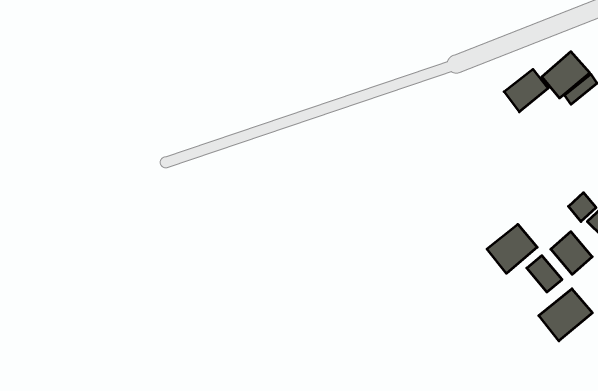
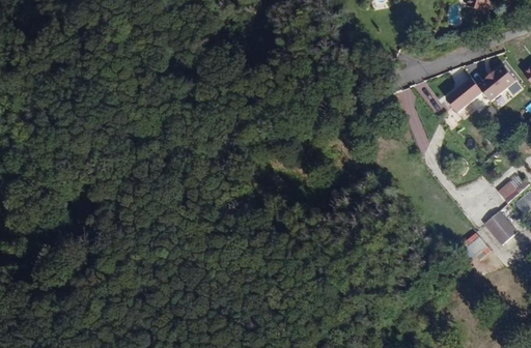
building: [487,224,537,273] -> none
building: [539,289,592,341] -> none

